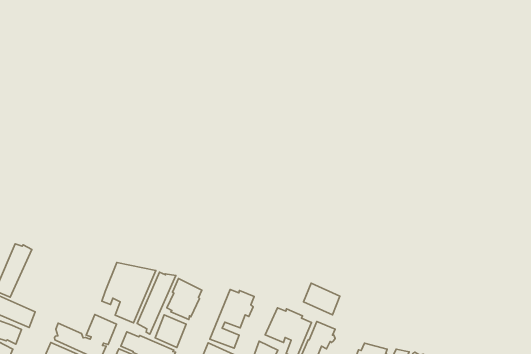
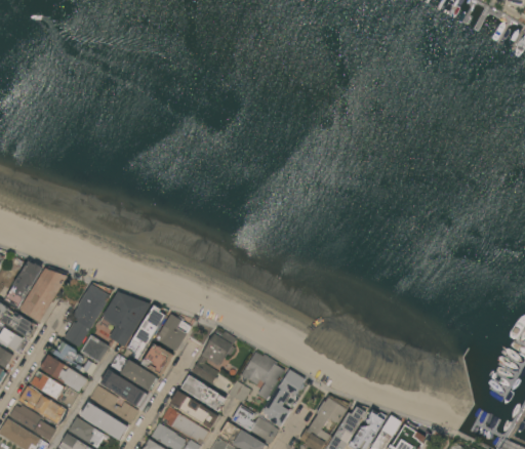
building: none -> [19,268,68,322]
building: none -> [64,283,113,348]
building: [304,283,340,315] -> none

